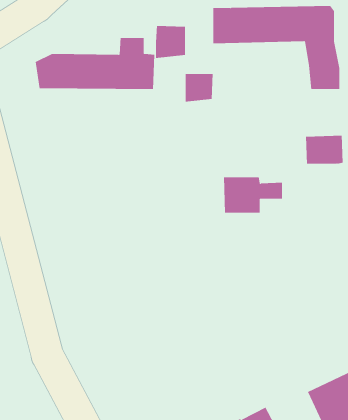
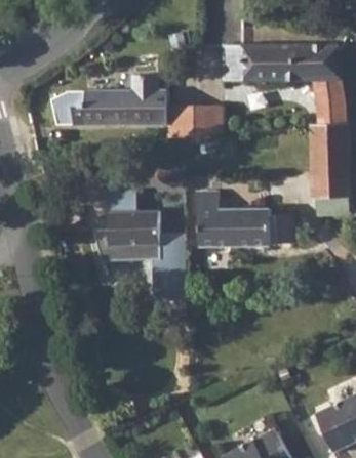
building: [155,25,186,58] -> [166,109,196,140]
building: none -> [310,125,348,170]
building: none -> [96,190,161,260]
building: none -> [194,191,234,246]

